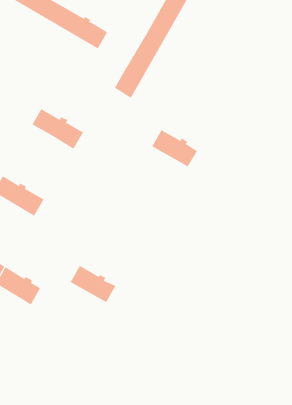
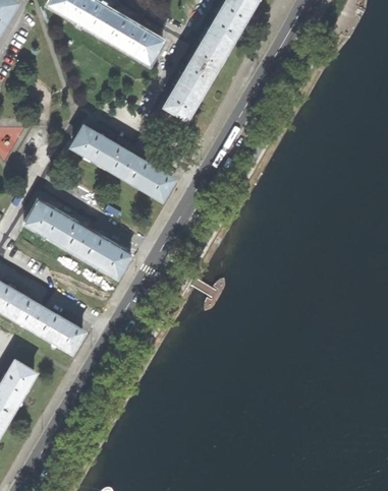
building: [151,130,198,167] -> [121,155,174,197]
building: [70,265,116,303] -> [76,231,129,273]

